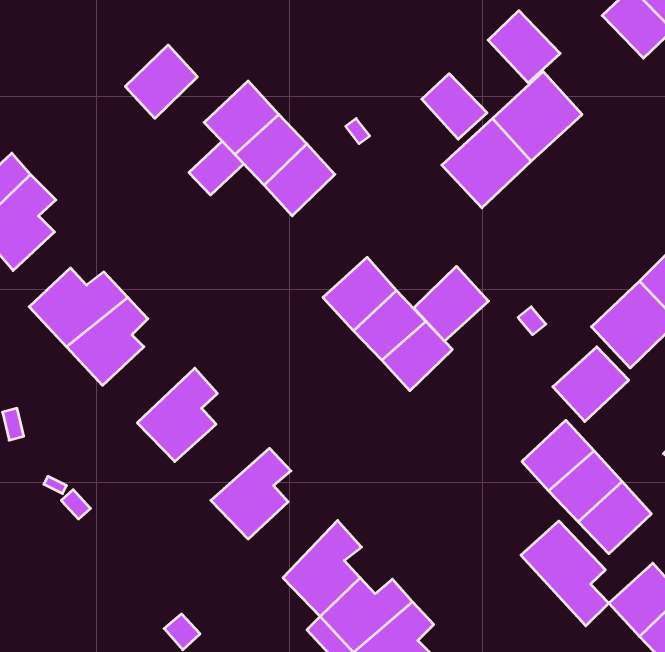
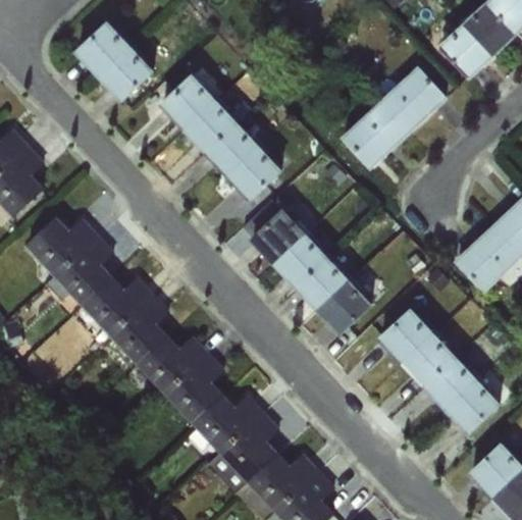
building: [488,11,560,83] -> [438,23,493,79]
building: none -> [73,20,130,77]
building: [422,74,487,139] -> none
building: [189,141,244,195] -> none
building: none -> [225,145,282,202]
building: [414,266,489,341] -> [315,278,372,335]
building: [553,347,629,422] -> [376,307,434,364]
building: none -> [81,276,151,334]
building: none -> [136,335,208,394]
building: none -> [192,395,260,453]
building: [521,521,609,626] -> none

